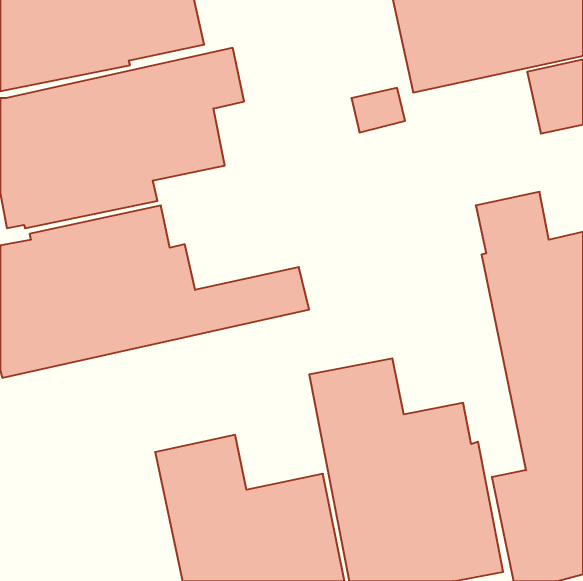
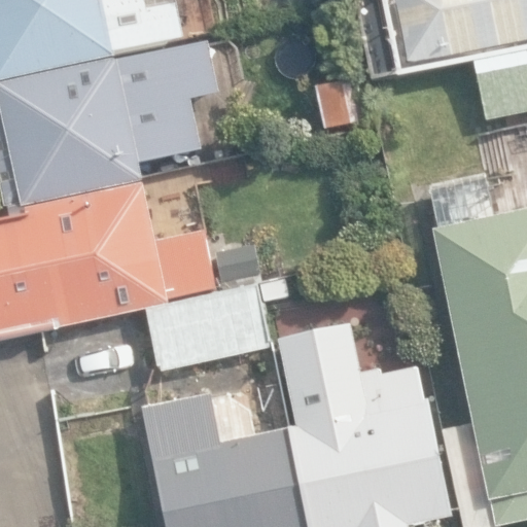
building: none -> [149,286,272,372]

